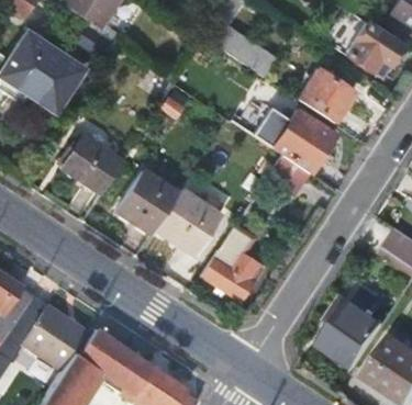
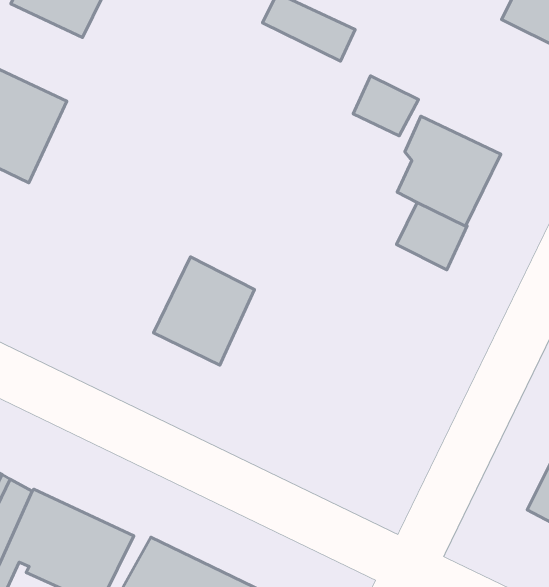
building: [298,67,353,122] -> none
building: [60,135,122,193] -> none
building: [156,190,219,254] -> none
building: [200,228,257,301] -> none

